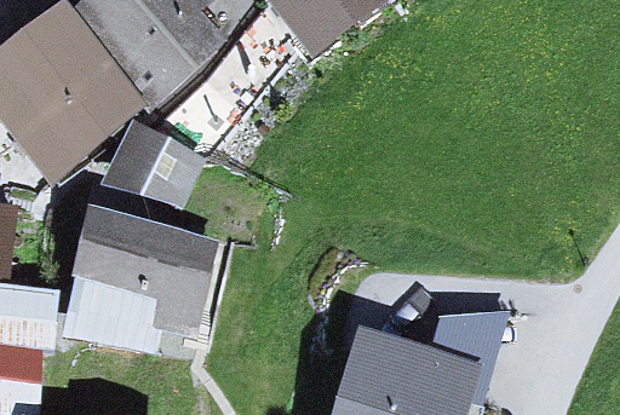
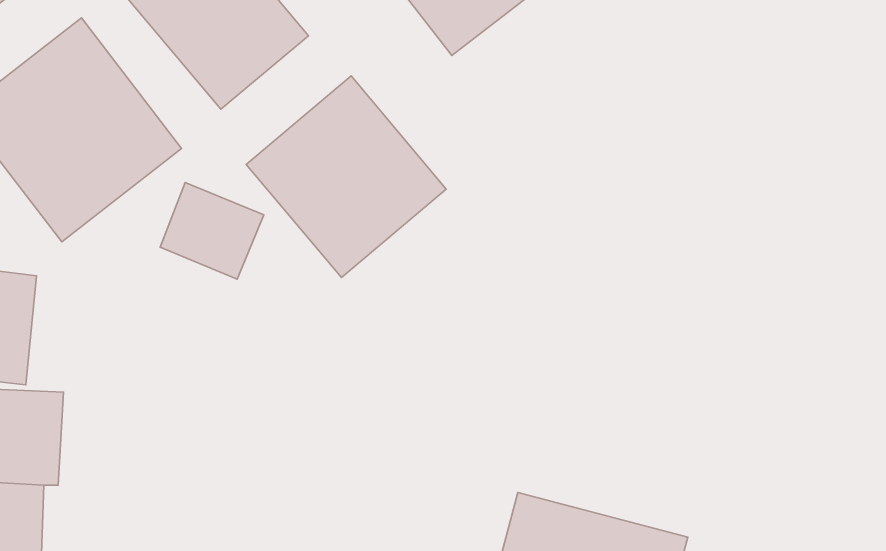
building: none -> [246,76,446,278]
building: [68,218,200,325] -> none

